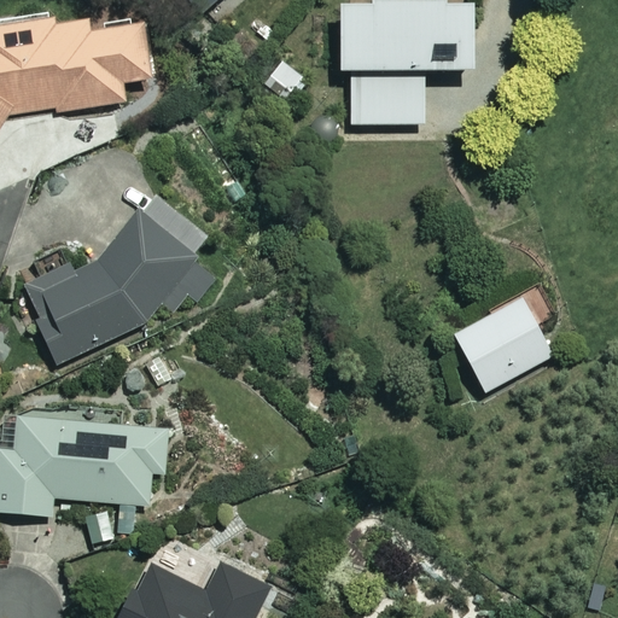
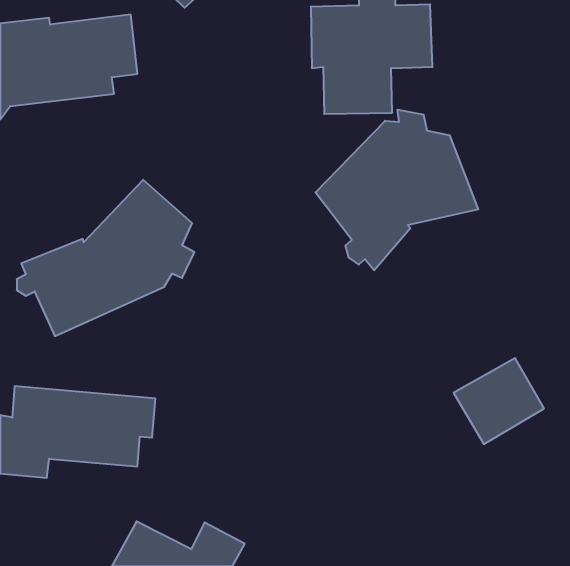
building: none -> [315,110,478,270]
building: [451,299,549,392] -> [454,358,544,444]

